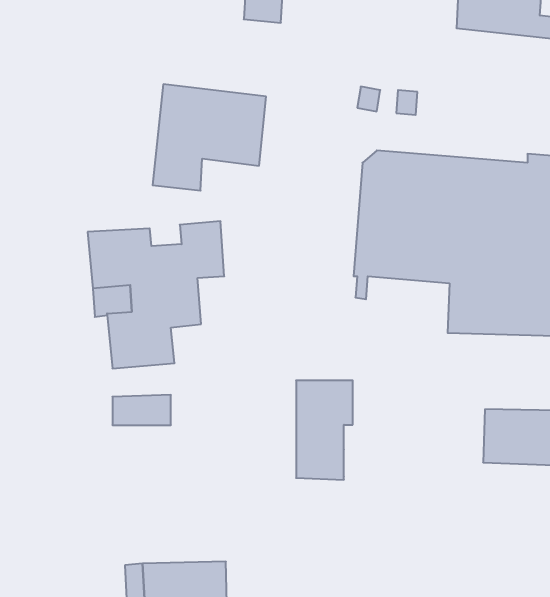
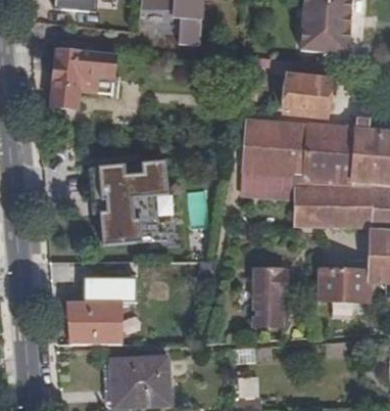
building: none -> [285,75,329,115]
building: [153,84,266,191] -> [51,47,116,108]
building: [296,380,353,480] -> [254,268,287,325]
building: none -> [67,302,121,345]

